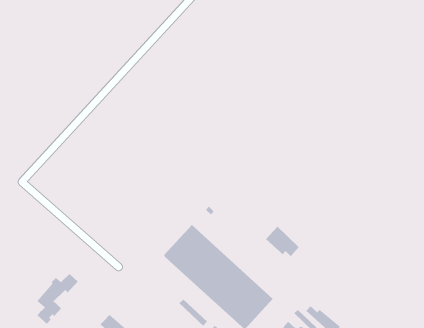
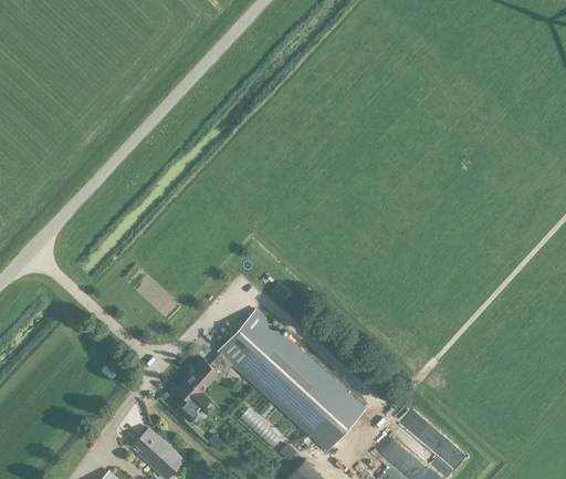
building: [265,226,300,260] -> none
building: [37,273,79,324] -> [177,354,232,421]

